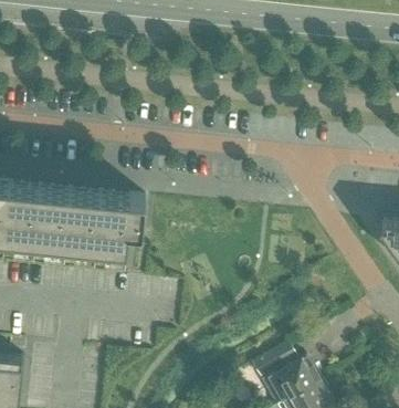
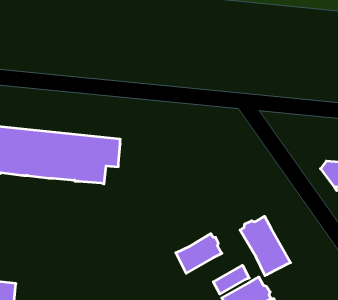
building: none -> [240,216,291,276]
building: none -> [176,234,222,273]

